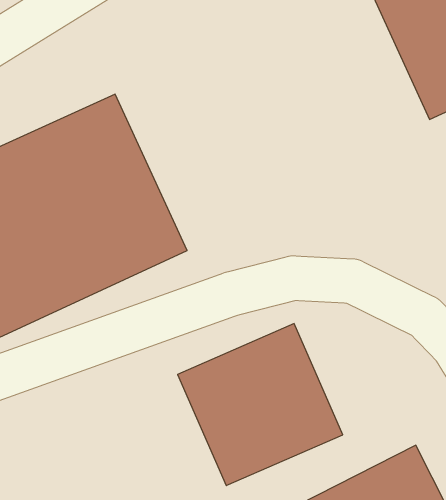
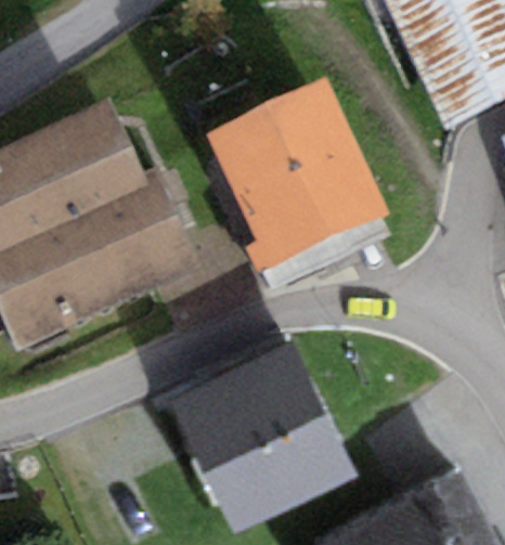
building: none -> [211,82,387,268]

